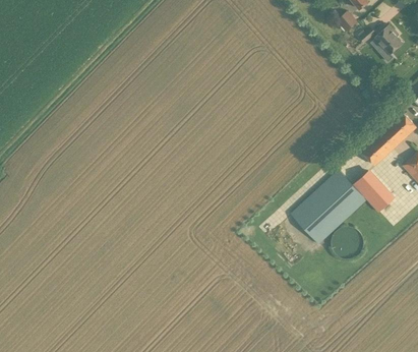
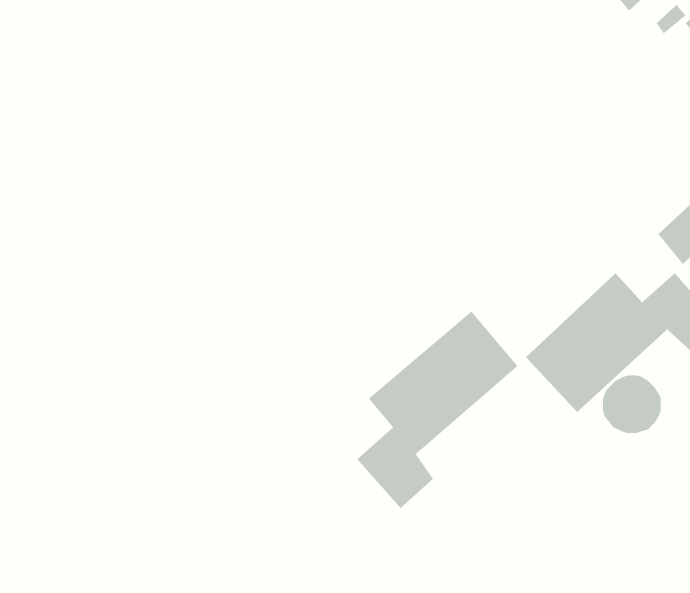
building: none -> [357,310,518,509]

